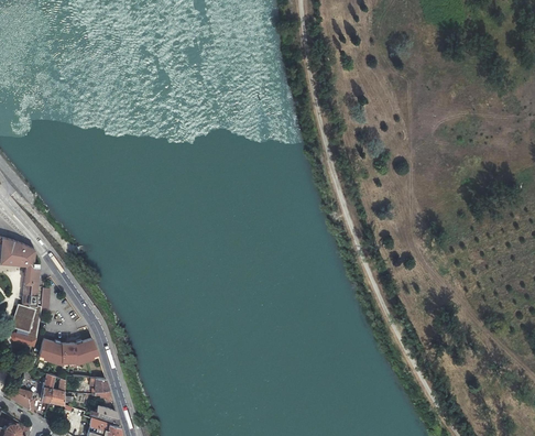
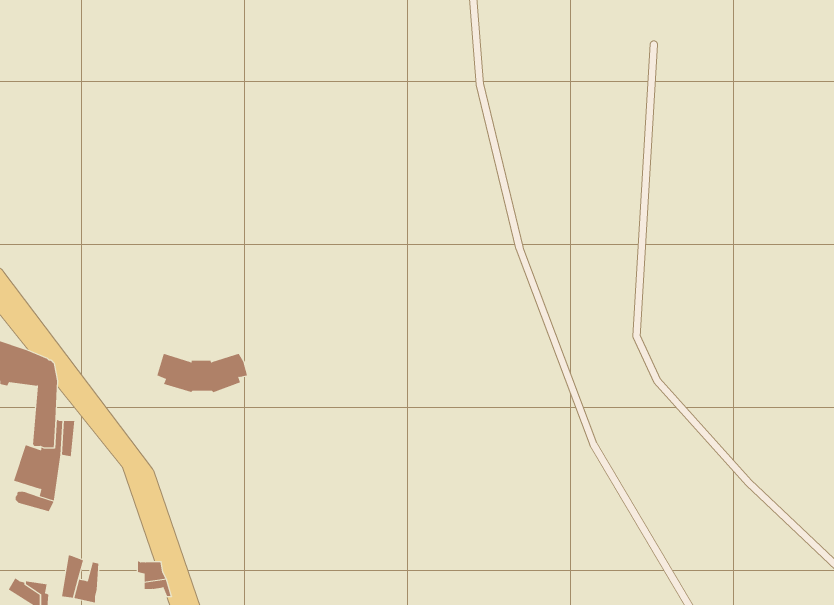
building: [37,339,96,364] -> [156,353,248,393]

